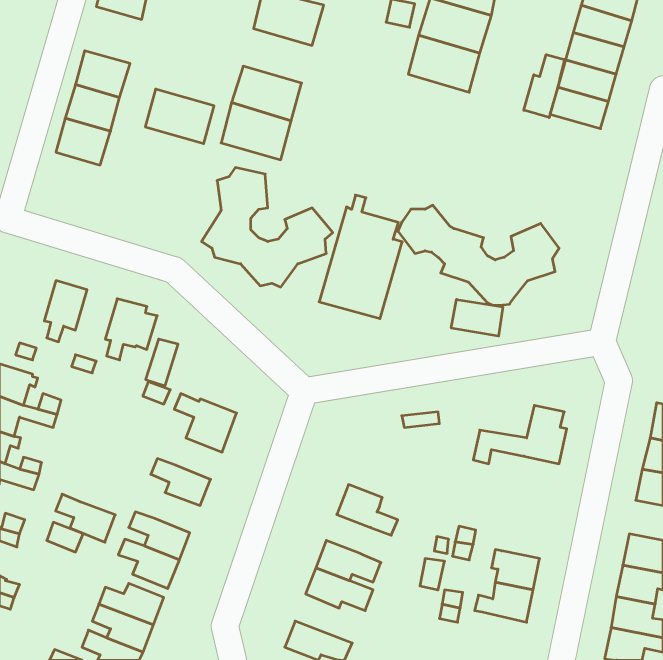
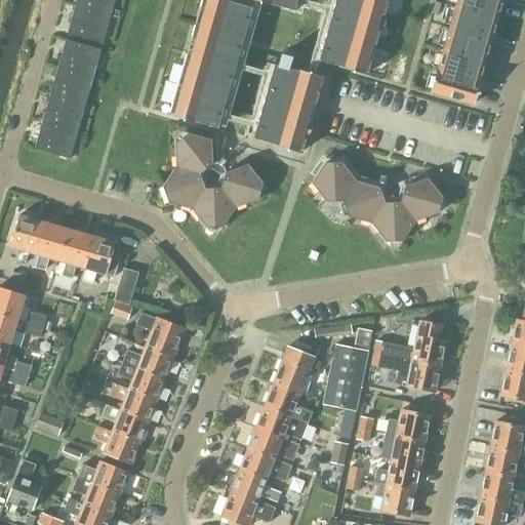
building: none -> [68,5,112,43]
building: [524,55,564,118] -> none
building: [145,89,214,144] -> [192,23,246,66]
building: none -> [36,120,79,158]
building: [319,195,402,319] -> [255,51,321,149]
building: none -> [10,214,44,264]
building: none -> [59,229,92,278]
building: [451,299,503,336] -> none
building: none -> [324,327,373,411]
building: none -> [124,346,175,378]
building: none -> [275,347,323,393]
building: none -> [386,355,441,392]
building: [56,494,115,542] -> [111,382,158,420]
building: none -> [257,406,309,439]
building: none -> [391,409,432,441]
building: none -> [8,459,43,510]
building: none -> [233,469,283,502]
building: none -> [377,483,415,516]

